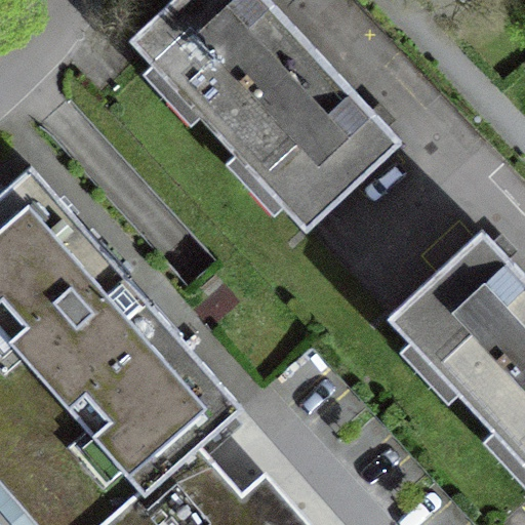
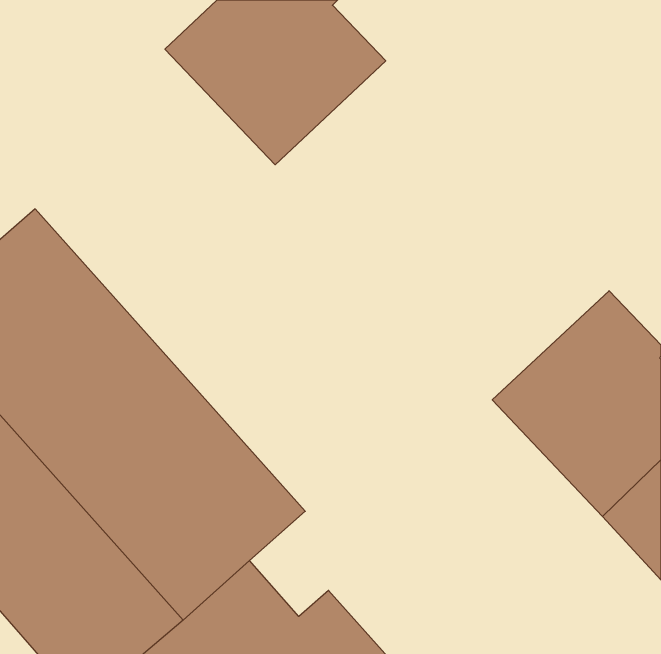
building: [217,55,396,231] -> none

